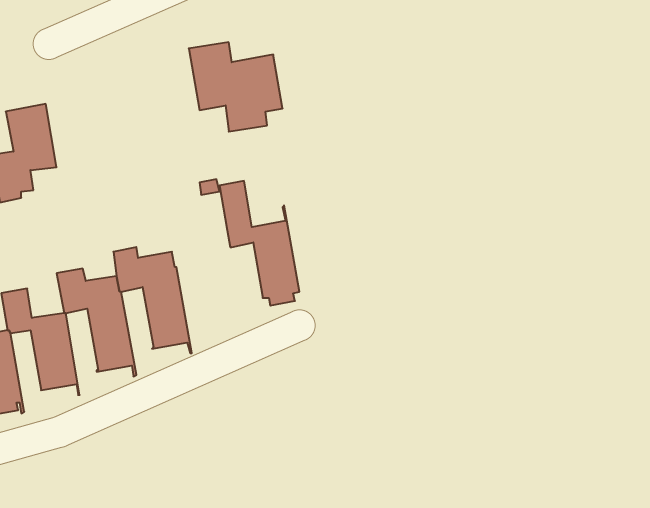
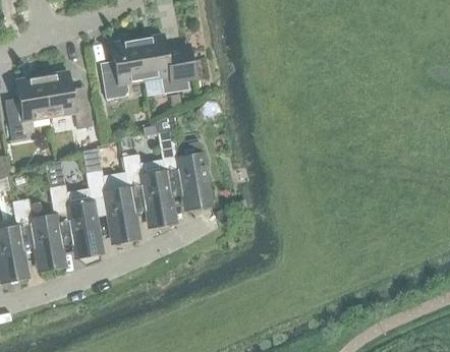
building: none -> [101,40,144,100]
building: none -> [42,72,92,130]
building: none -> [122,155,175,226]

